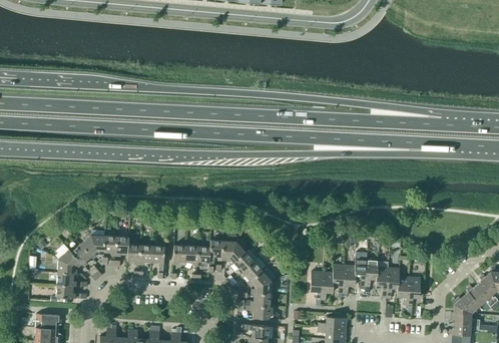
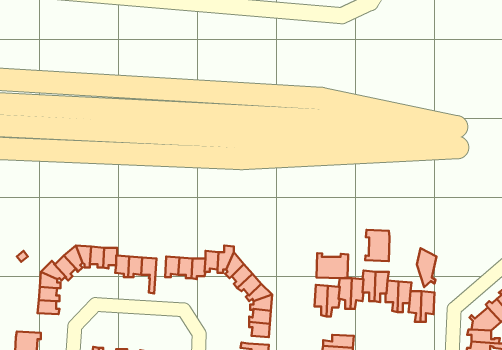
building: none -> [365,230,390,261]
building: none -> [417,248,436,287]
building: none -> [316,253,348,278]

